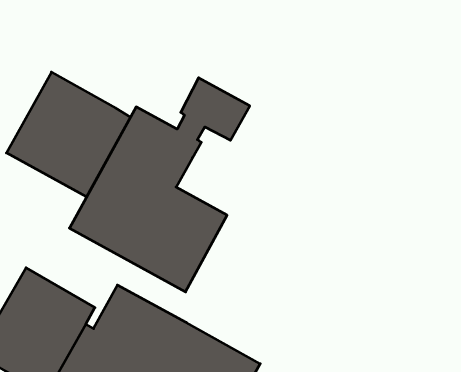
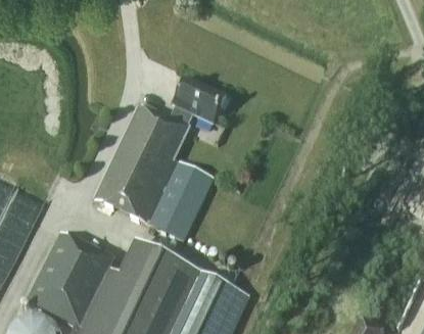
building: [6,72,130,197] -> none

